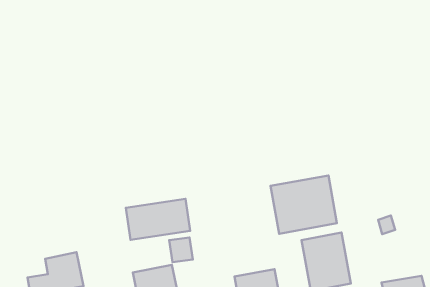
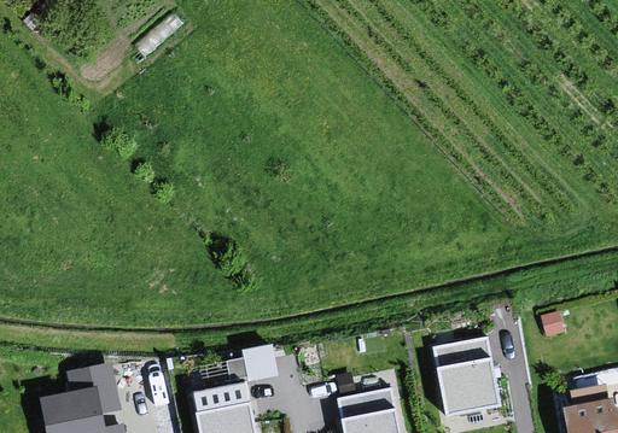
building: [271,175,337,234] -> none
building: [126,199,190,240] -> none

